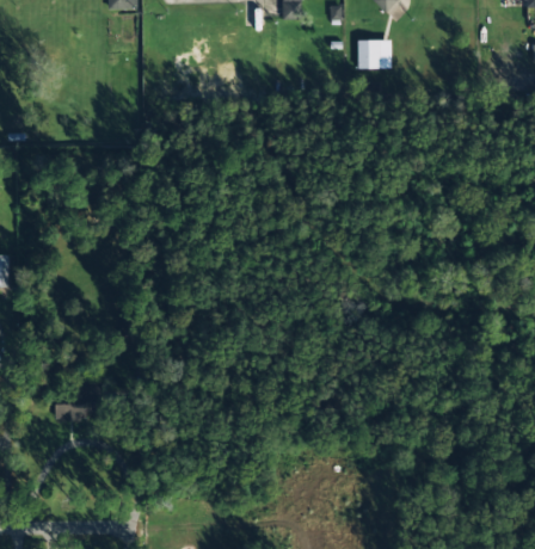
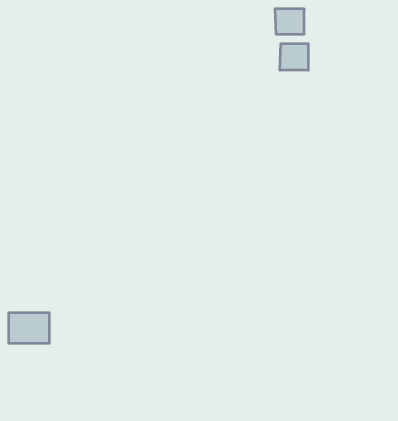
building: none -> [280,44,308,70]

